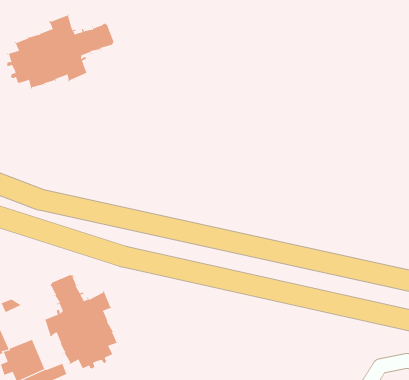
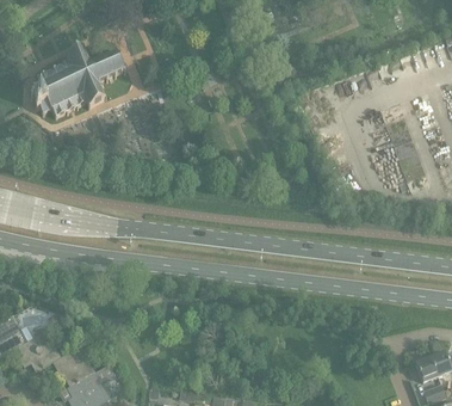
building: [43,274,119,370] -> none

